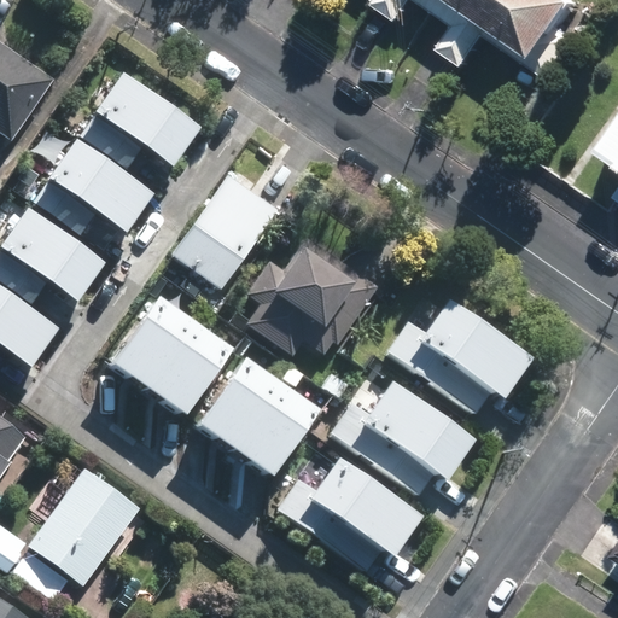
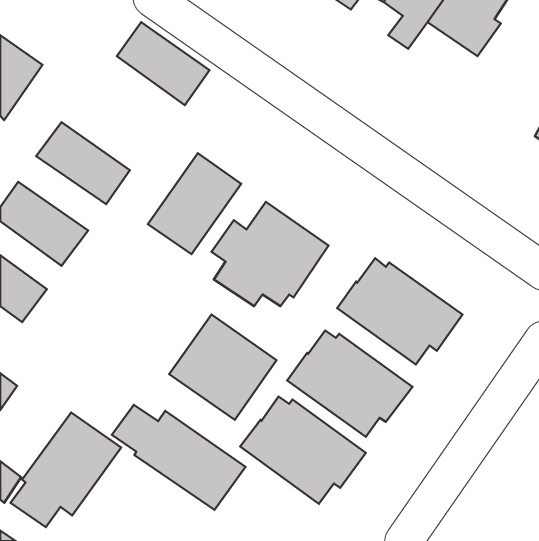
building: [93,72,198,167] -> [117,22,209,105]
building: [111,297,233,414] -> none
building: none -> [112,405,245,510]

